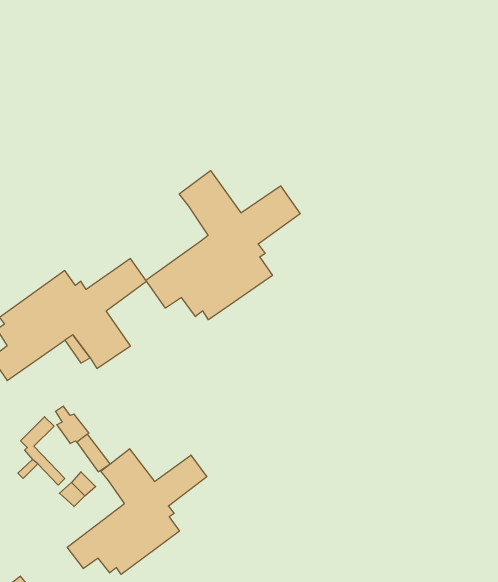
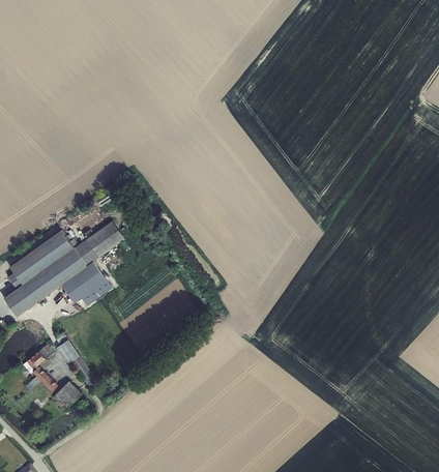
building: [146,171,300,320] -> none
building: [67,449,207,574] -> none

